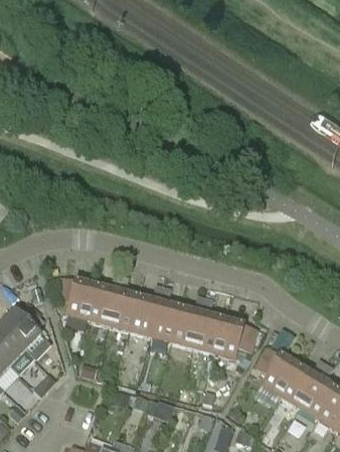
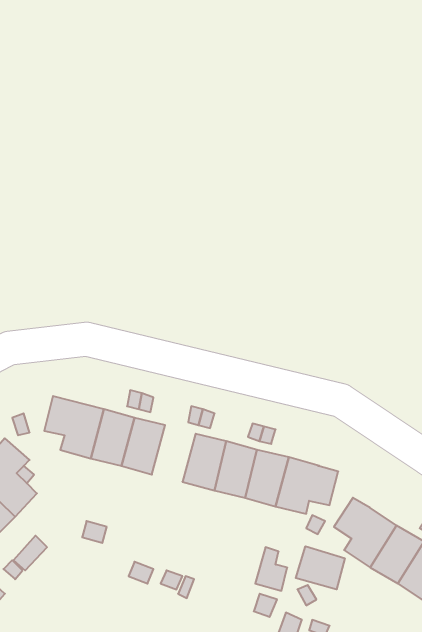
building: [129,297,159,336] -> none
building: none -> [296,546,345,589]

